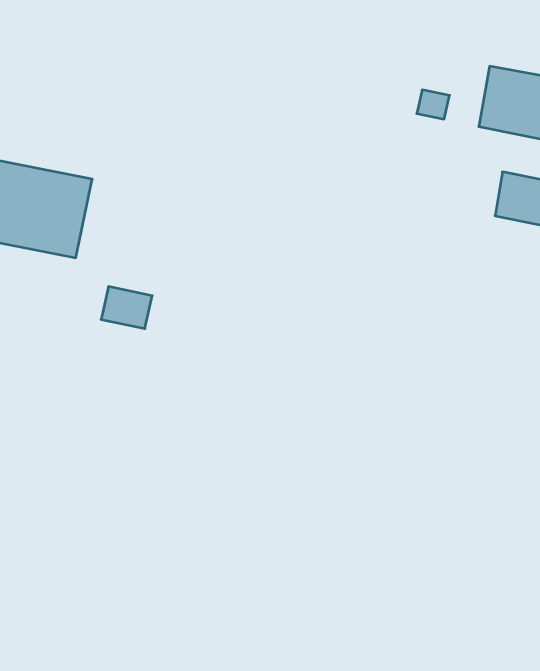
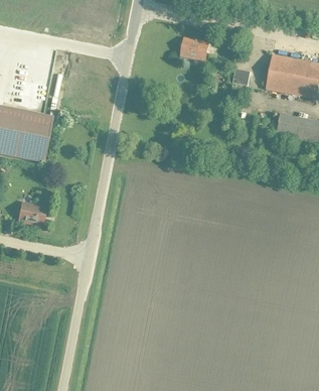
building: none -> [180,36,207,59]
building: [101,287,152,329] -> [17,202,45,225]

